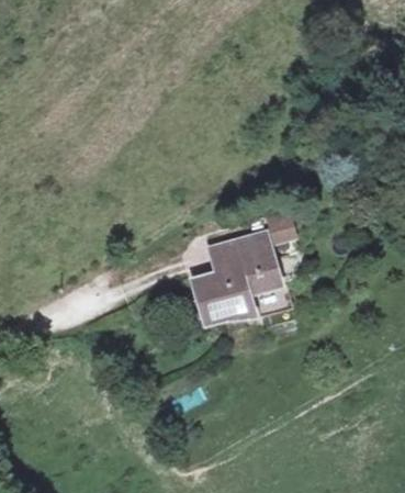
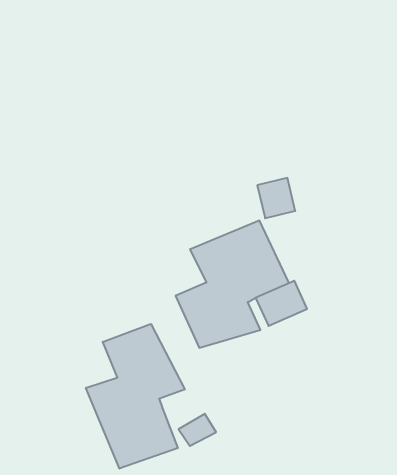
building: none -> [86,324,185,469]

